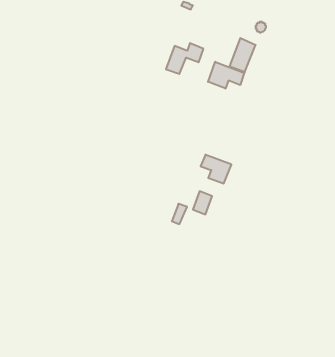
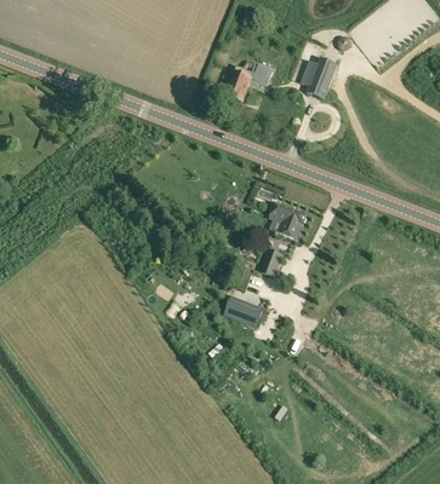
building: [208,62,244,89] -> none
building: none -> [223,295,263,328]

